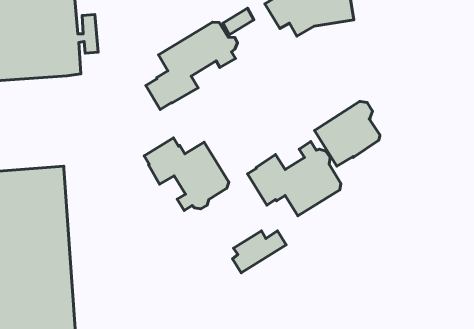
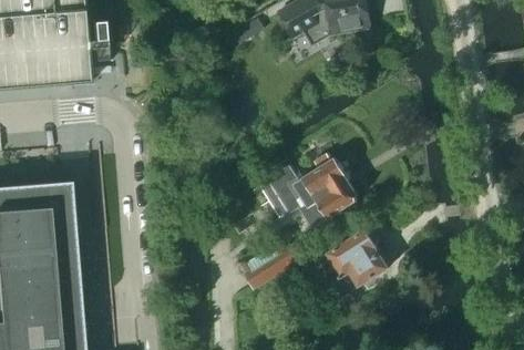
building: [146,22,237,109] -> none
building: [314,101,380,166] -> [320,230,388,297]
building: [144,138,229,211] -> none

